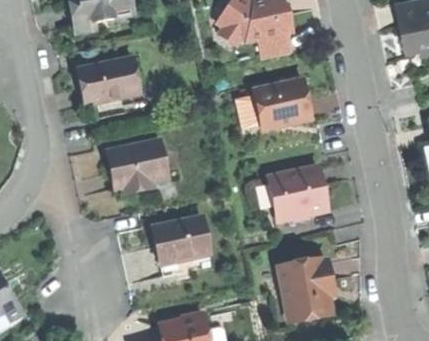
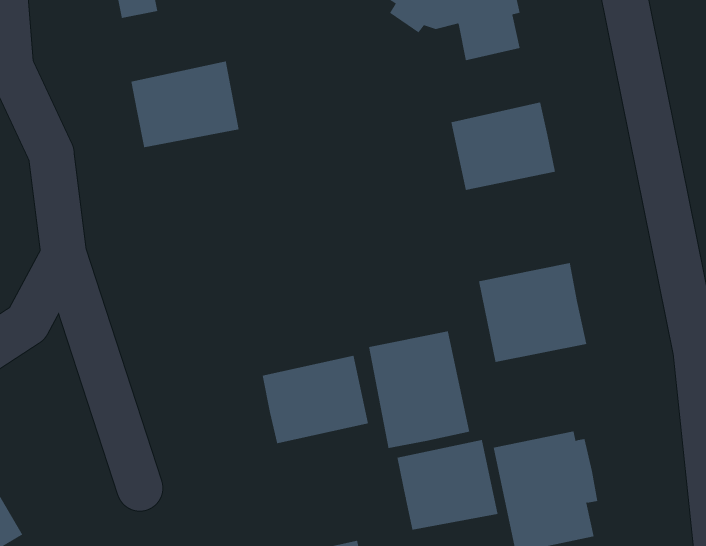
building: [111,140,168,193] -> none
building: none -> [368,331,470,449]
building: none -> [397,439,498,530]

